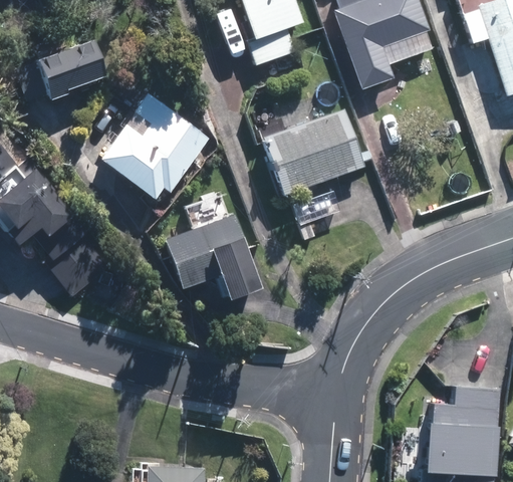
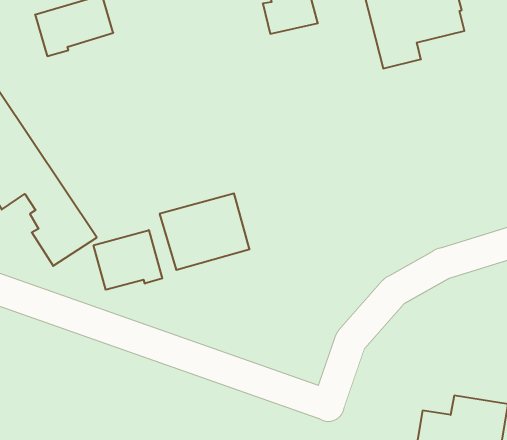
building: [101,88,211,199] -> none
building: [266,108,366,195] -> none
building: none -> [94,230,162,290]

